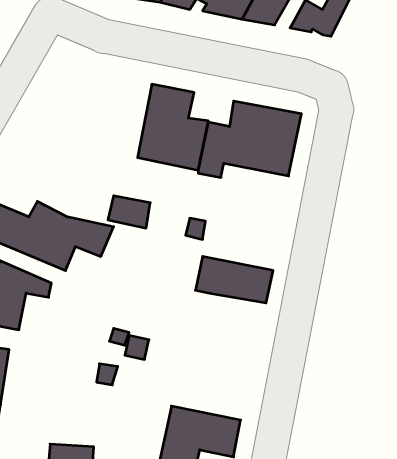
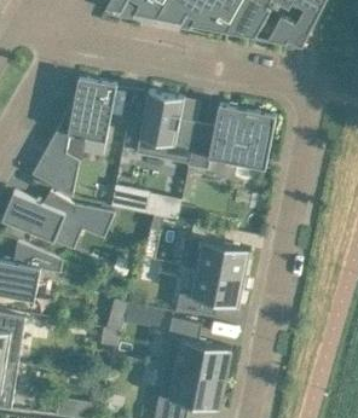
building: none -> [39,77,115,197]
building: none -> [177,269,244,317]
building: none -> [163,318,229,378]

